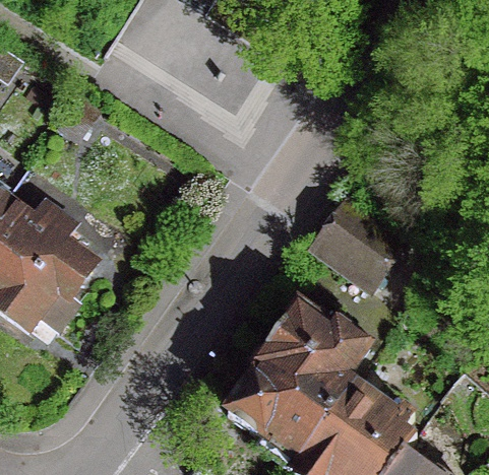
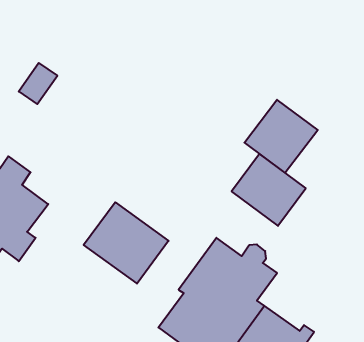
building: none -> [244,100,318,173]
building: none -> [84,202,169,284]

